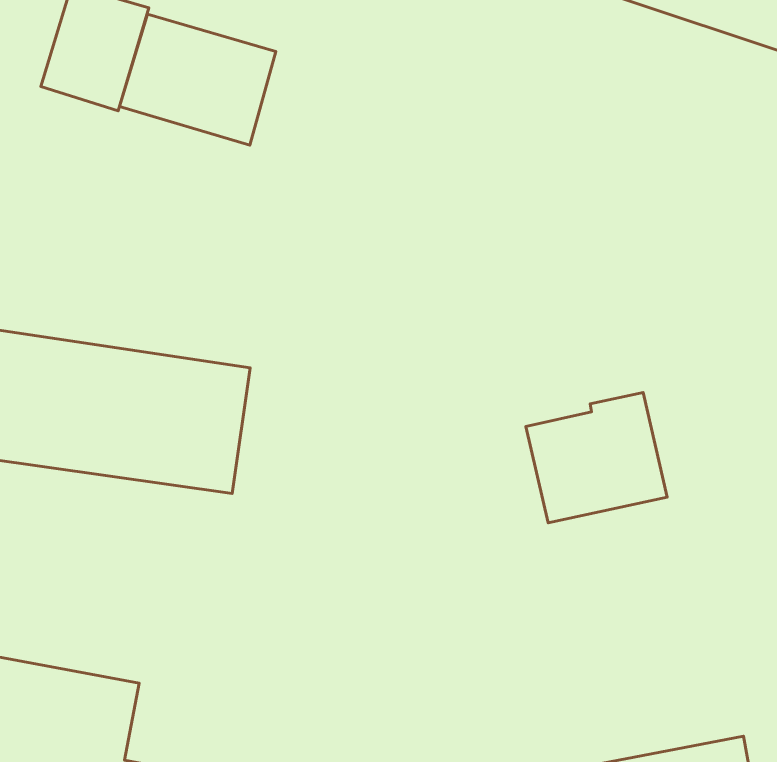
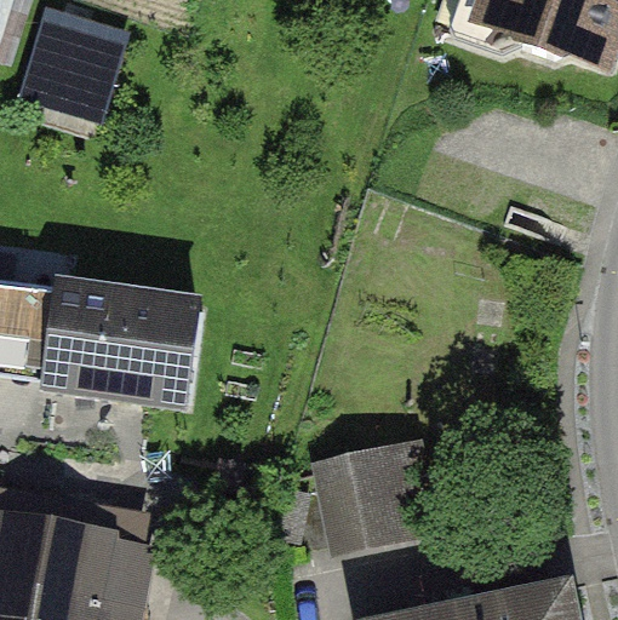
building: [120,14,276,145] -> none
building: [526,393,667,523] -> [325,446,431,544]

